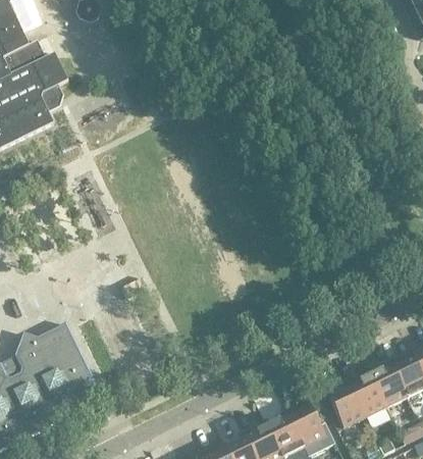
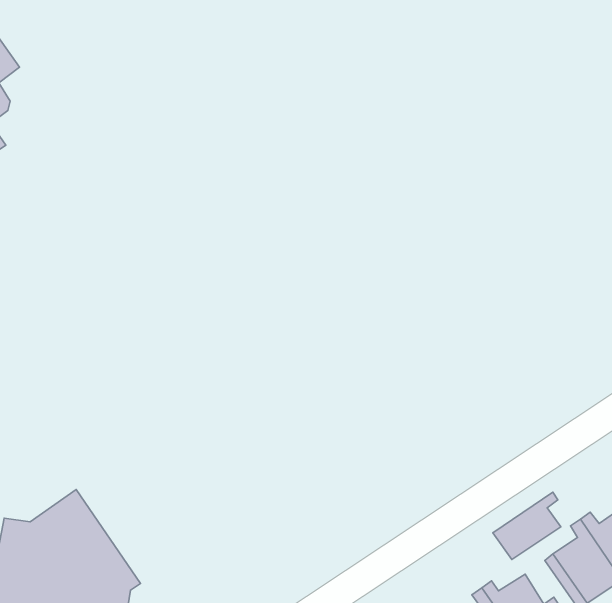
building: none -> [493,492,561,560]

